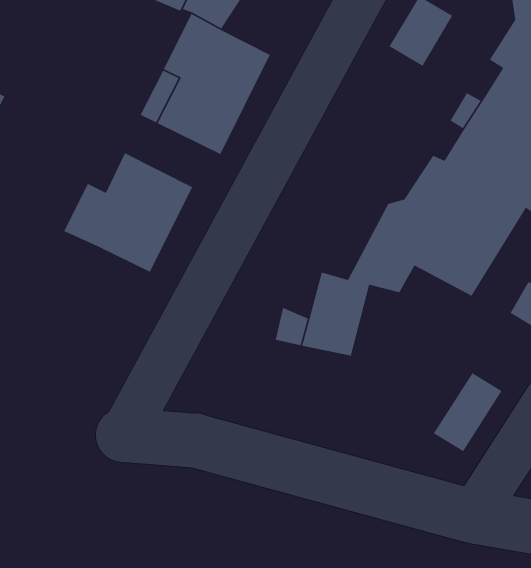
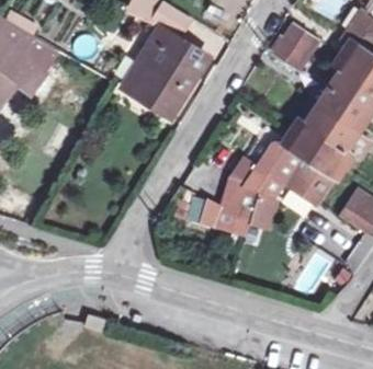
building: [63,152,193,273] -> none

